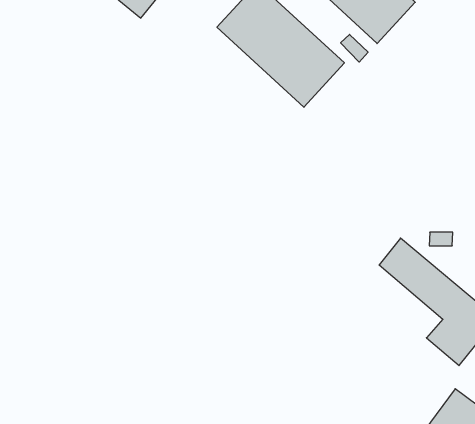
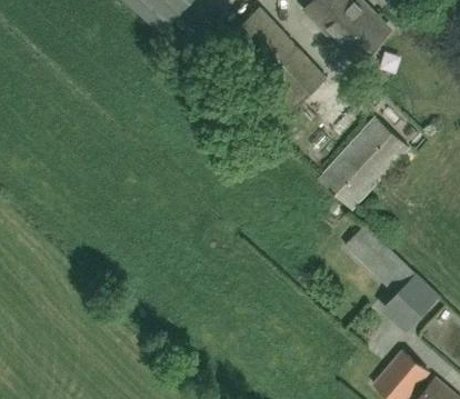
building: none -> [318,117,408,209]

